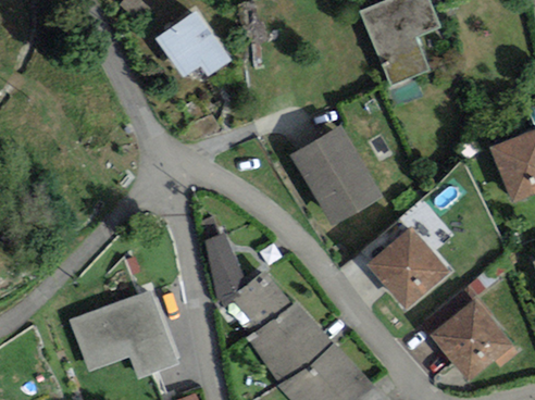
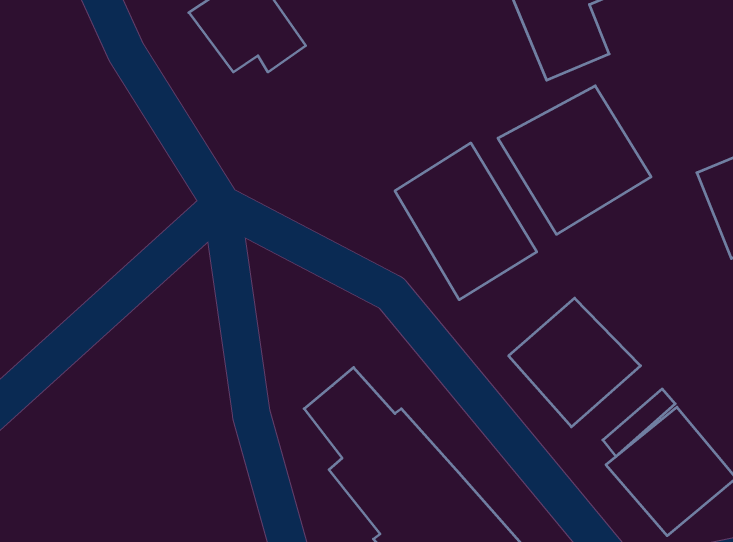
building: none -> [498,86,651,234]
building: [208,232,249,307] -> none
building: [67,287,179,376] -> none

